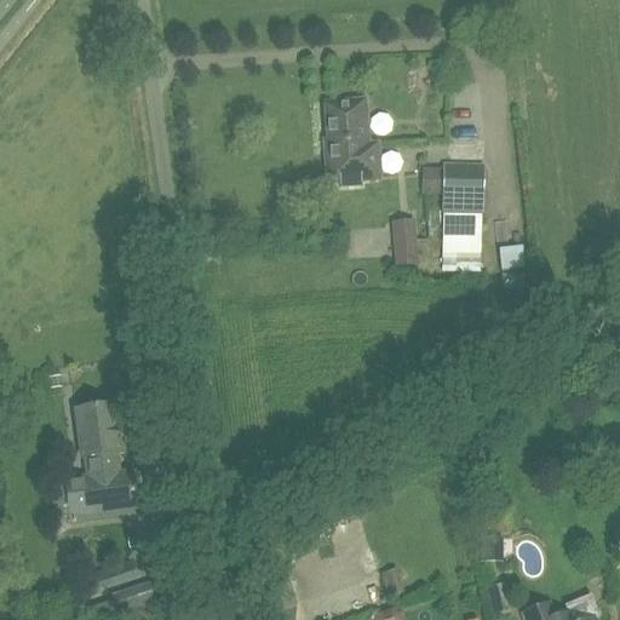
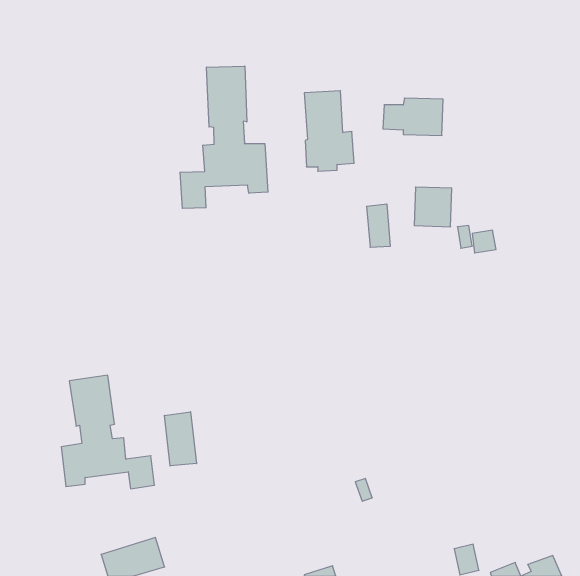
building: none -> [180,66,268,208]
building: [420,160,484,200] -> [383,98,443,135]
building: none -> [164,412,197,466]

